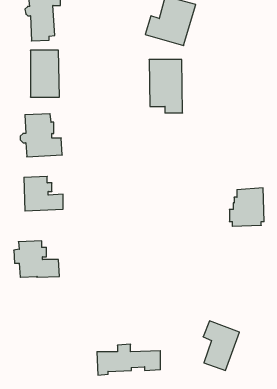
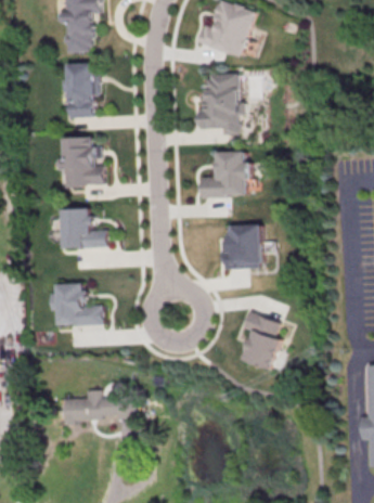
building: none -> [199,151,249,197]
building: [229,188,264,226] -> [220,224,260,269]
building: [203,321,239,370] -> [244,310,286,367]
building: [97,344,160,375] -> [63,388,137,424]

